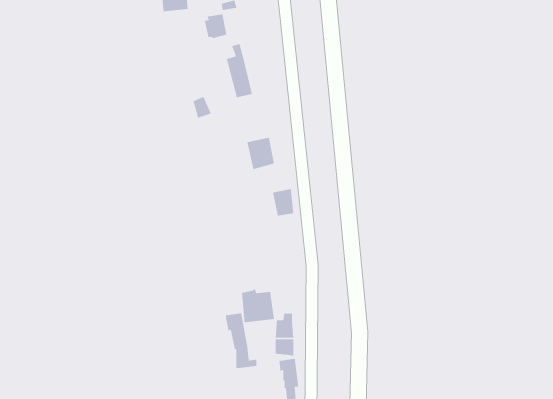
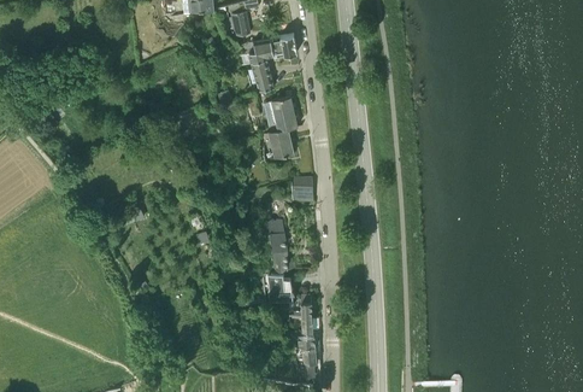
building: none -> [261,35,298,59]
building: none -> [270,98,298,131]
building: [225,312,257,369] -> [264,218,294,271]

